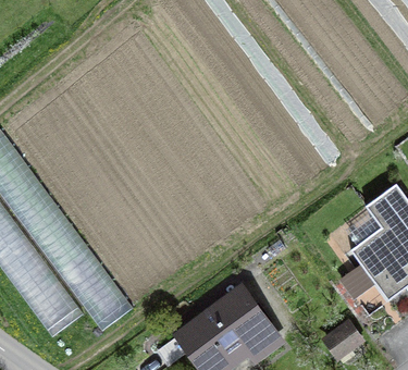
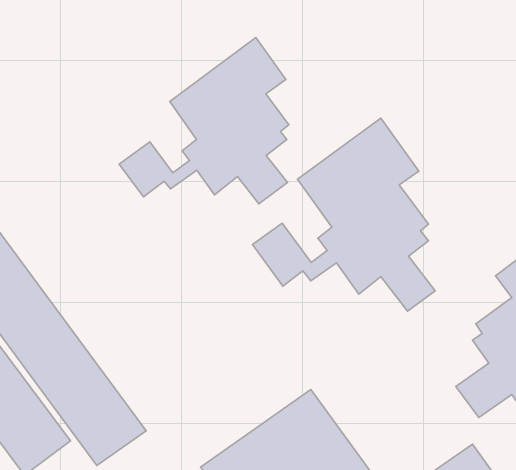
building: none -> [119,38,289,204]
building: none -> [252,118,435,311]

